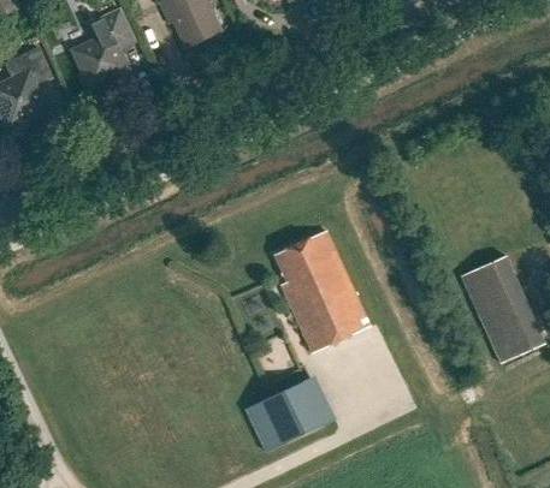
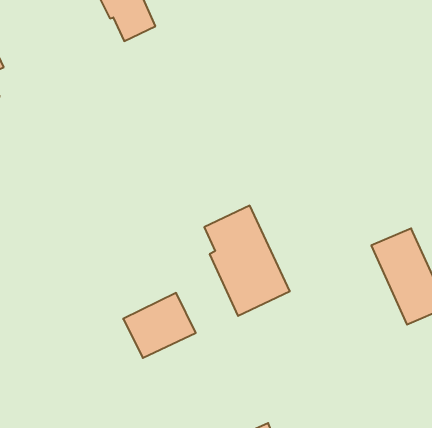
building: [72,7,135,94] -> none
building: [246,379,326,451] -> [123,293,196,358]

